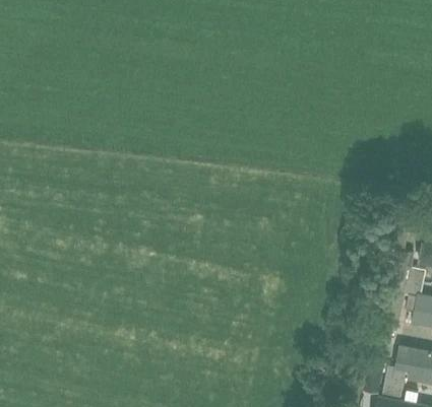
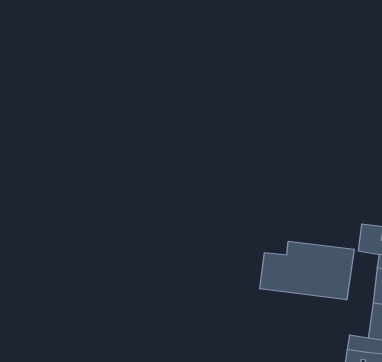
building: none -> [260,241,354,300]

